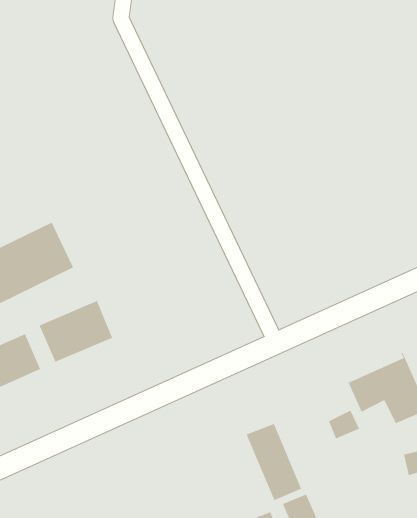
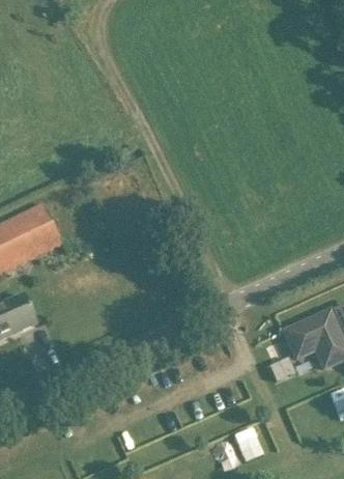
building: [39,300,113,363] -> none
building: [246,423,302,501] -> none

